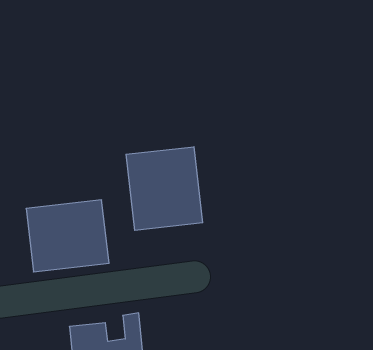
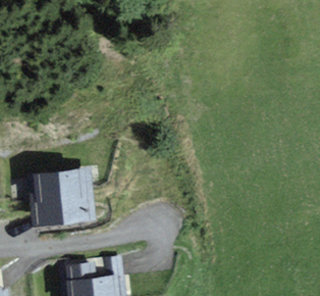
building: [126,147,203,230] -> none

